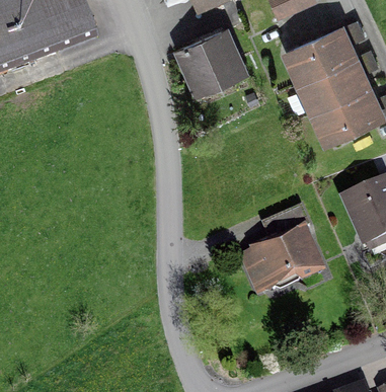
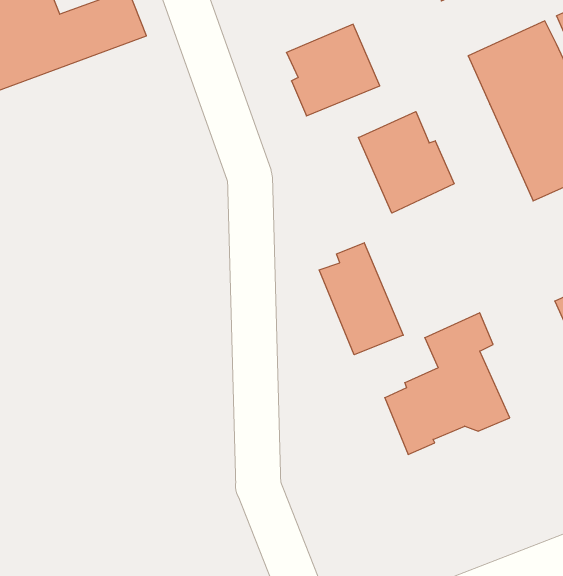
building: none -> [358,112,454,213]
building: none -> [319,243,403,355]

